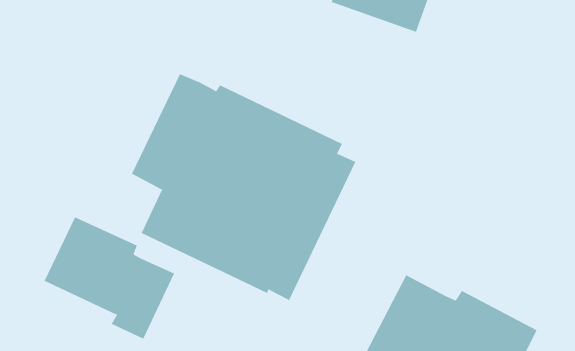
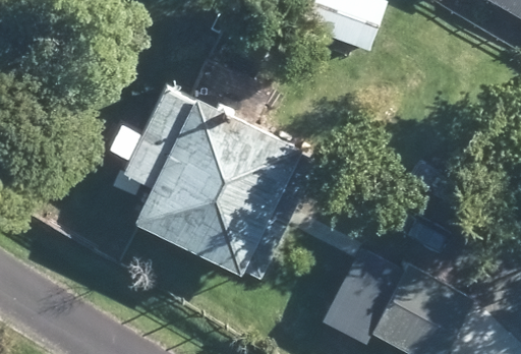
building: [44,216,175,340] -> none

